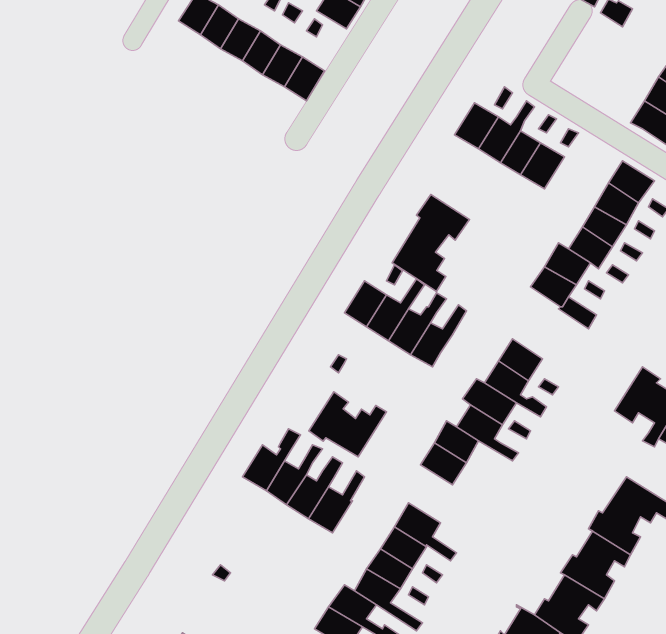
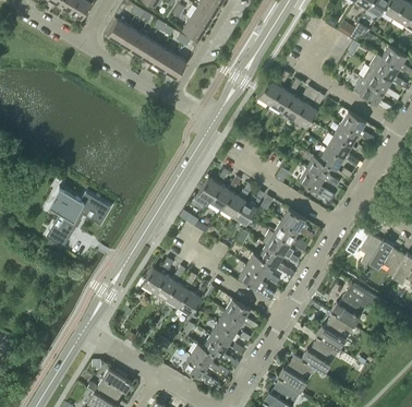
building: [392,194,470,292] -> none
building: none -> [46,188,110,247]
building: [309,392,387,457] -> none

